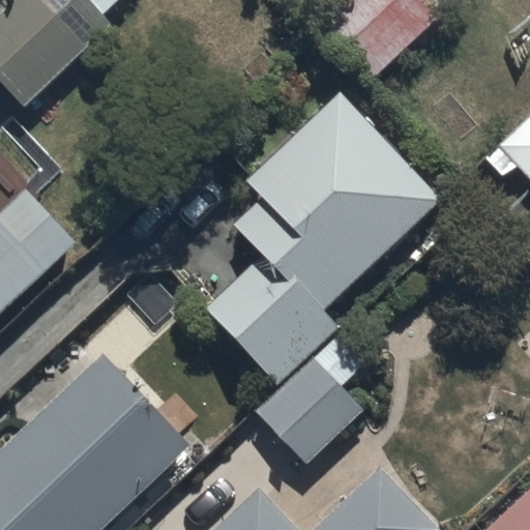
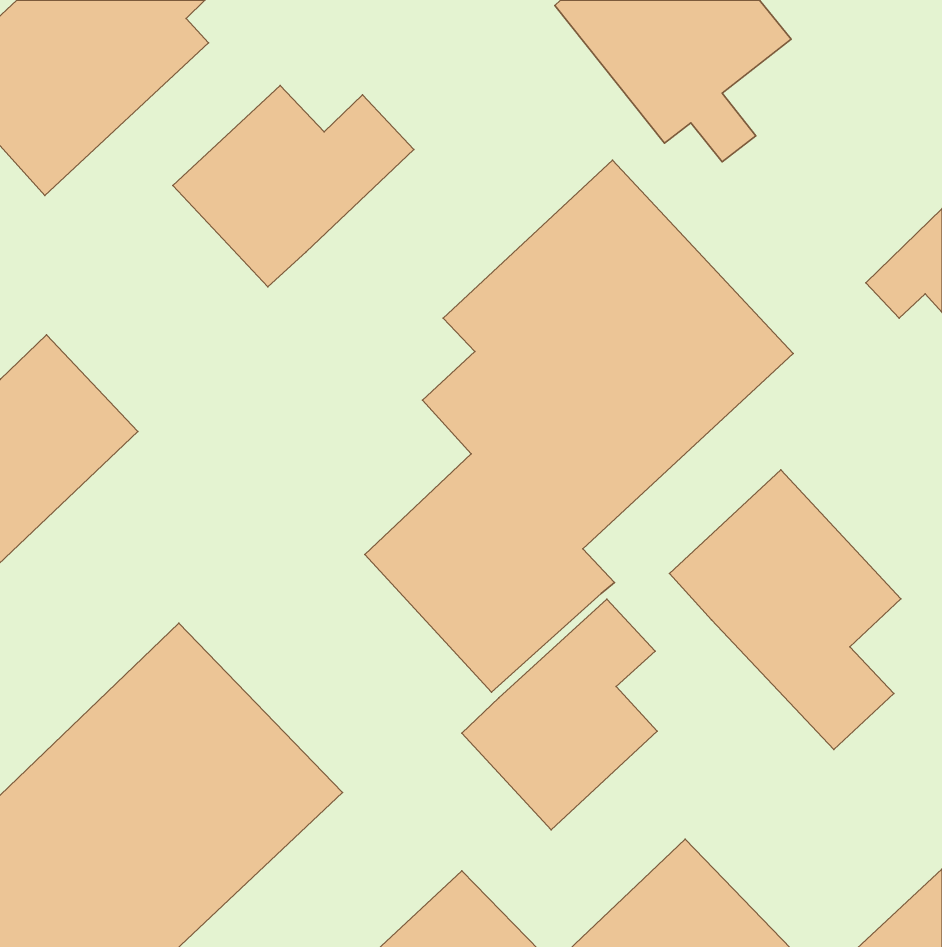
building: none -> [173,85,414,287]
building: none -> [669,470,901,749]

